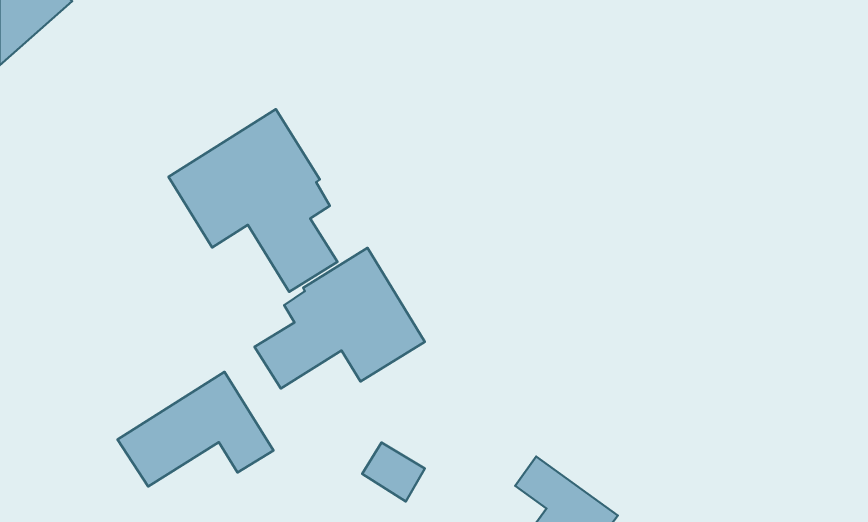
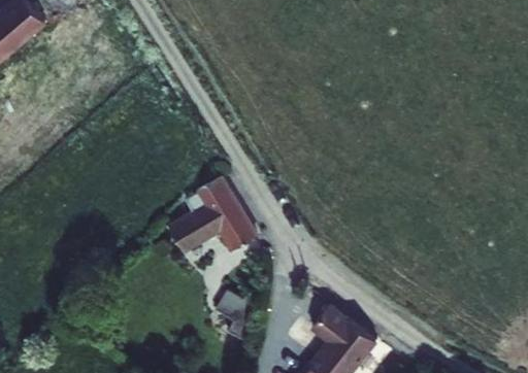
building: [168,109,338,292] -> none
building: [118,372,274,486] -> none

